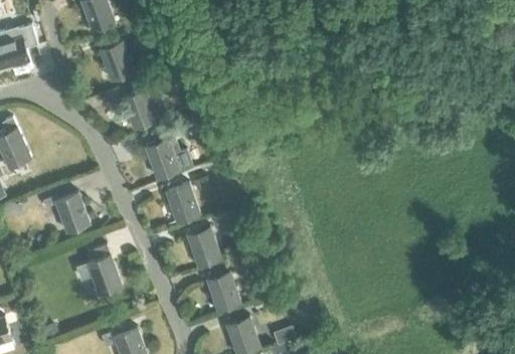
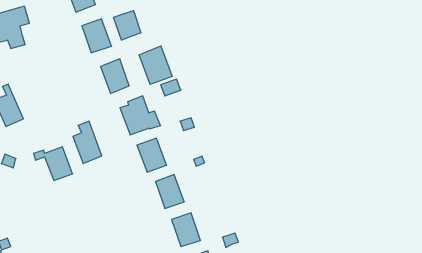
building: none -> [113,11,141,40]
building: none -> [139,46,172,84]
building: [87,246,121,297] -> [73,121,102,163]

